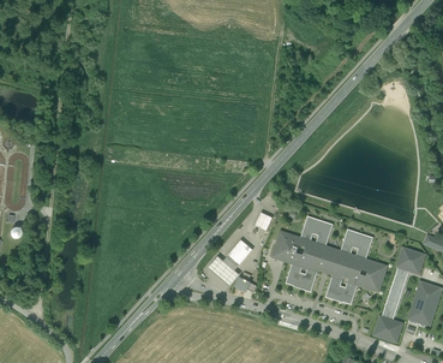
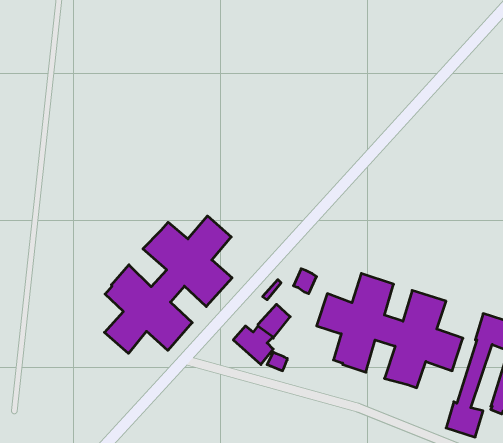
building: none -> [104,216,232,353]

